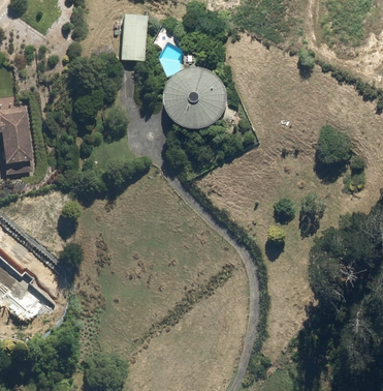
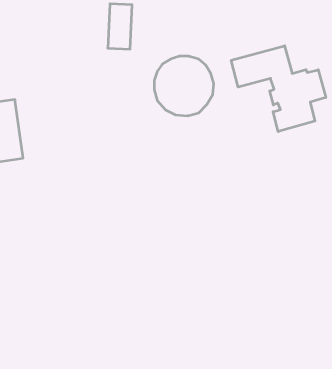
building: none -> [231,46,326,132]

